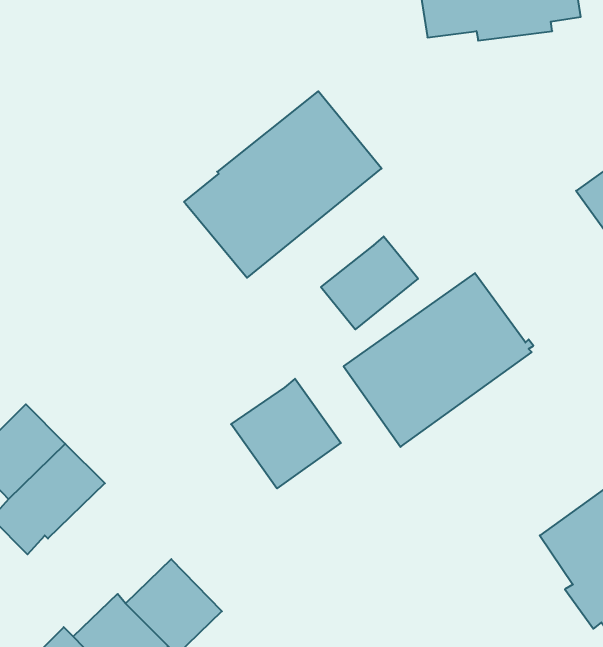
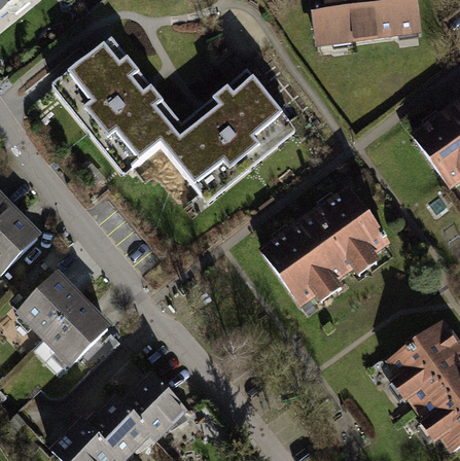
building: none -> [61,38,182,167]
building: [321,236,418,329] -> none
building: [231,379,341,488] -> none

